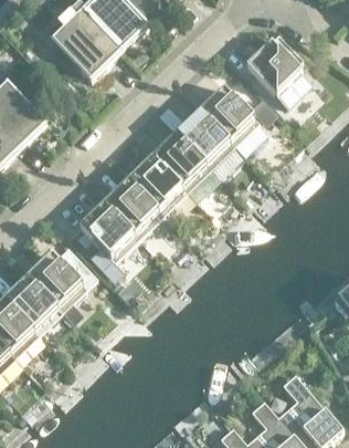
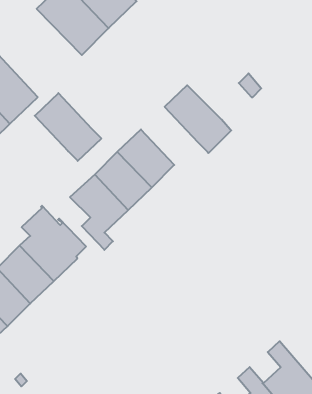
building: [246,34,310,106] -> none
building: [199,86,266,156] -> none
building: [151,133,220,202] -> [35,93,101,161]

